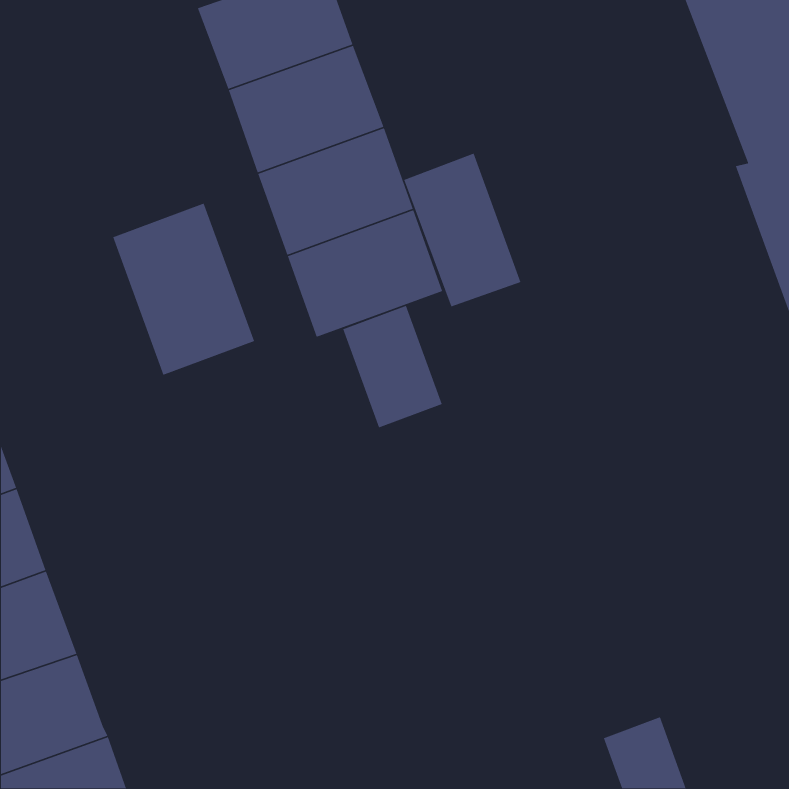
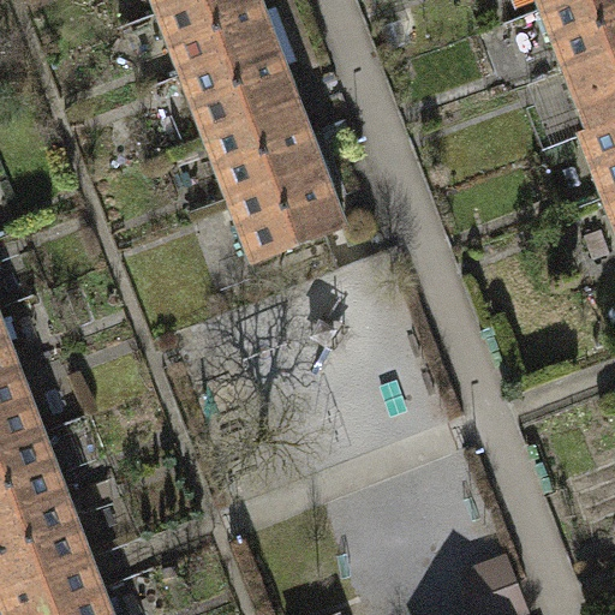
building: [403,153,522,307] -> none
building: [112,202,255,376] -> none
building: [342,305,443,428] -> none

